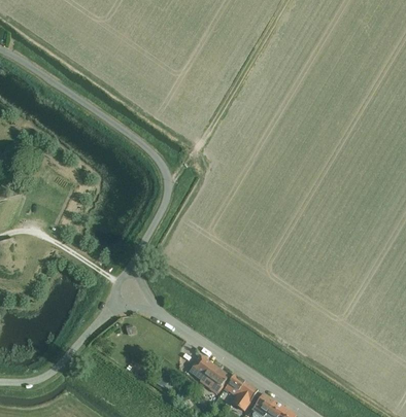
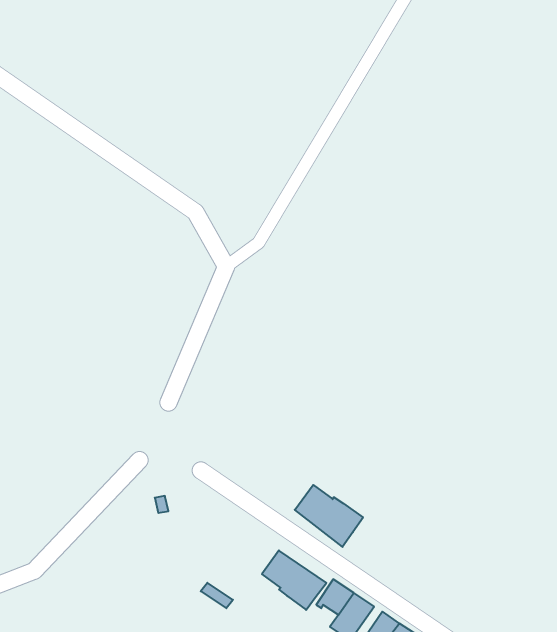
building: none -> [295,485,363,547]

